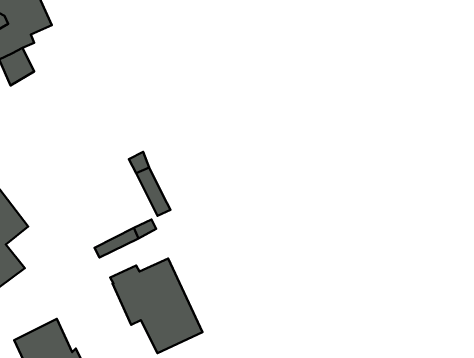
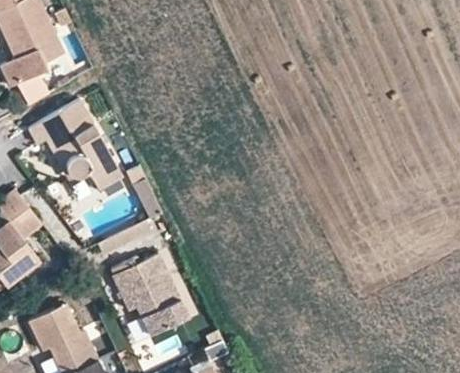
building: none -> [28,100,123,189]

